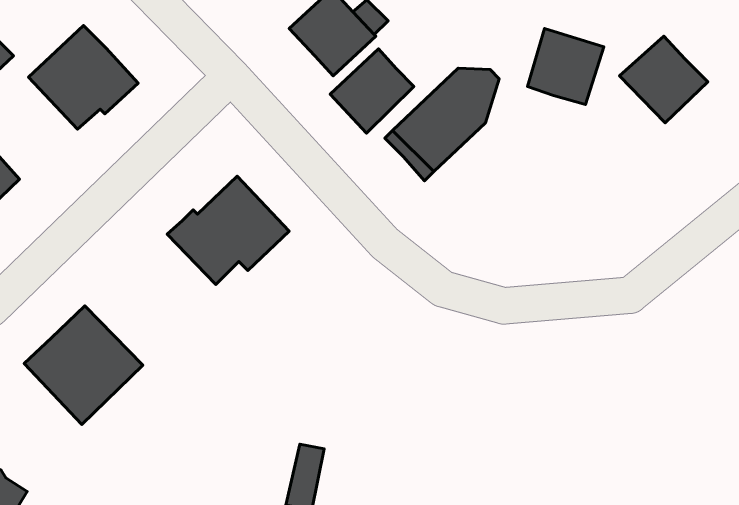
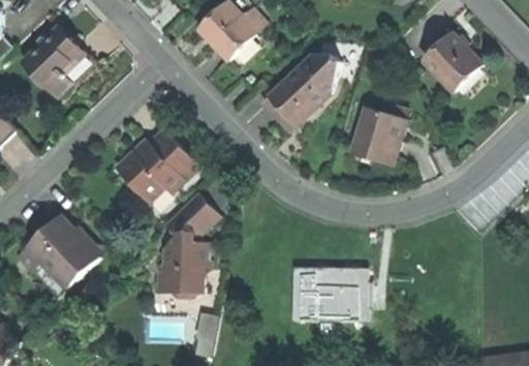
building: [528,28,604,105] -> [352,103,404,155]
building: [330,49,414,133] -> none
building: none -> [154,191,219,297]
building: none -> [291,267,366,322]

